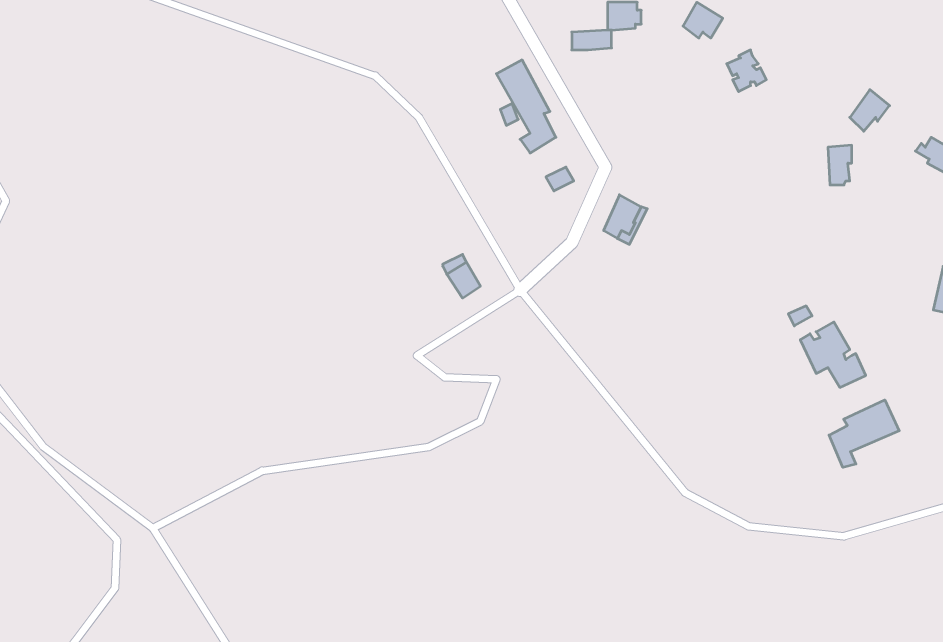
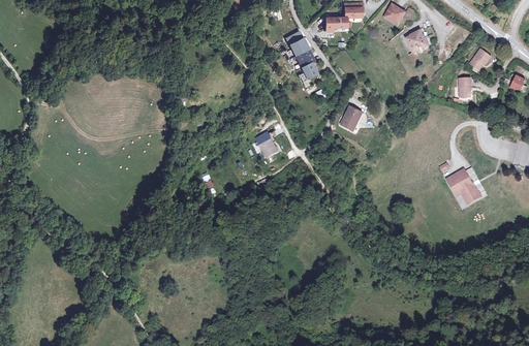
building: [829,400,899,467] -> none

